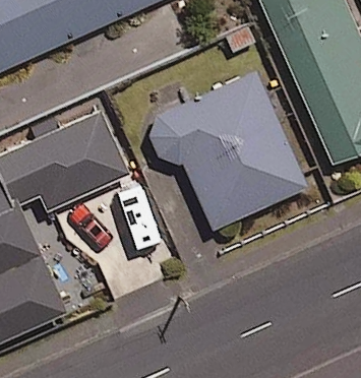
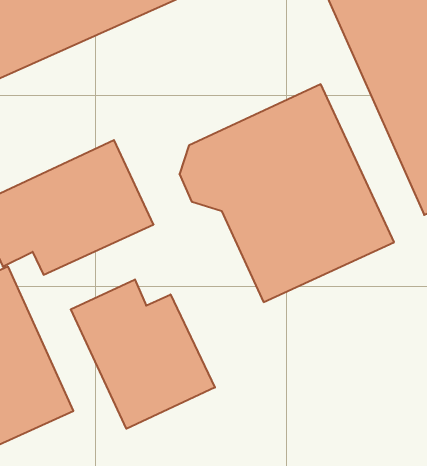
building: none -> [71,279,215,429]

